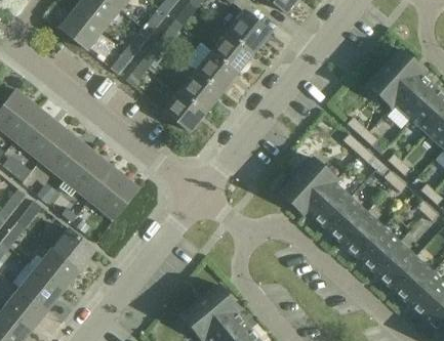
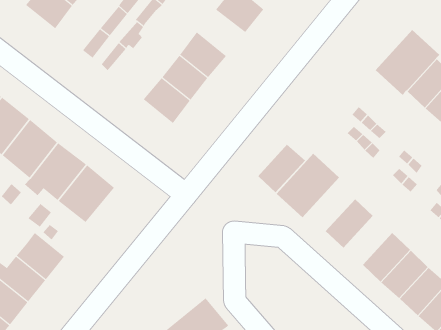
building: [210,32,253,73] -> none
building: [304,179,350,226] -> [254,140,306,193]
building: [339,213,382,256] -> none

